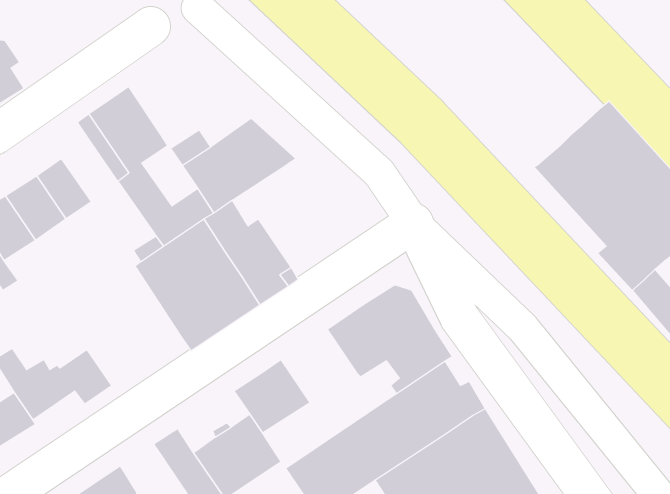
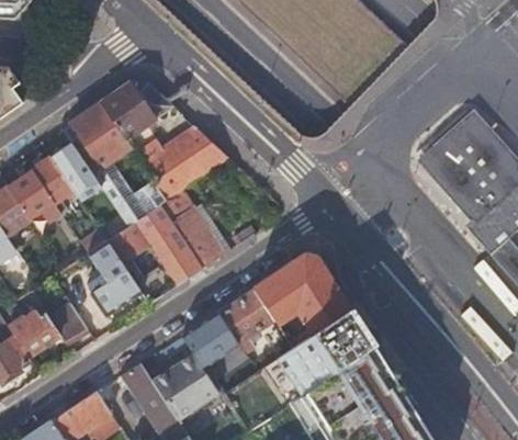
building: none -> [103,82,174,138]
building: none -> [52,143,95,200]
building: none -> [88,239,143,316]
building: none -> [219,287,277,343]

